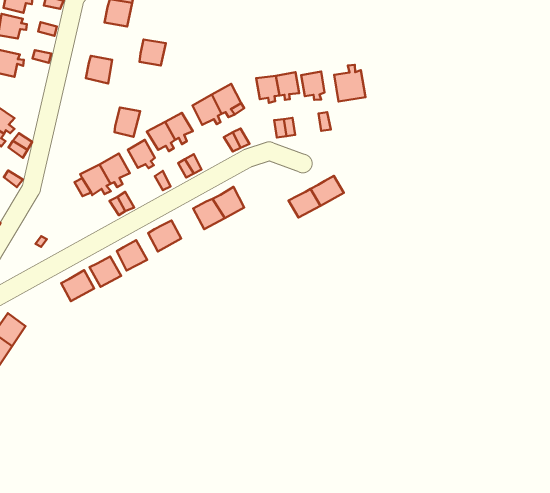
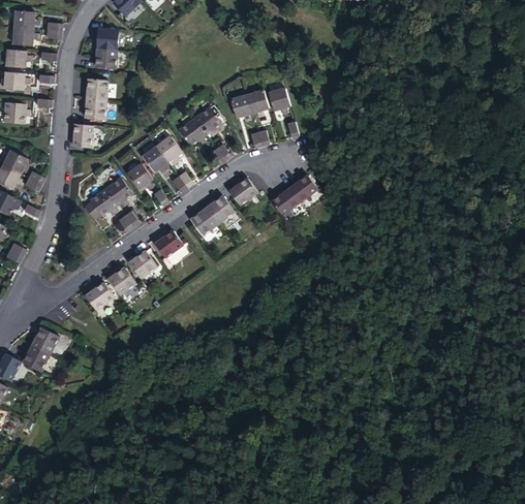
building: [140,39,166,66] -> [86,78,106,99]
building: [334,65,365,102] -> none
building: [115,107,140,137] -> [72,124,92,148]
building: none -> [227,178,256,204]

